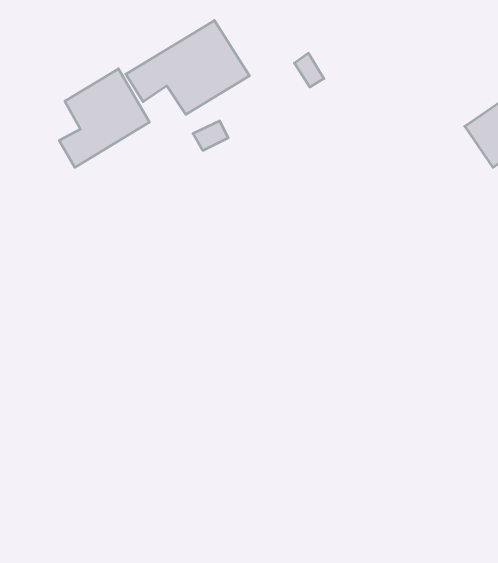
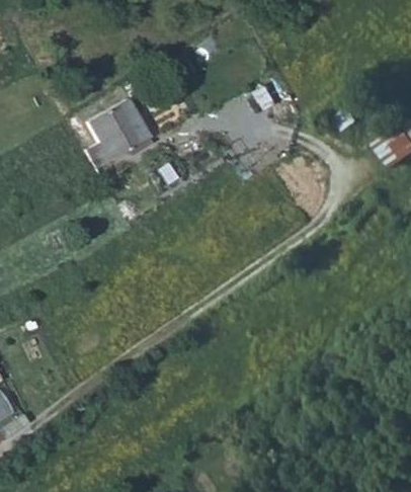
building: [126,20,249,114] -> none

